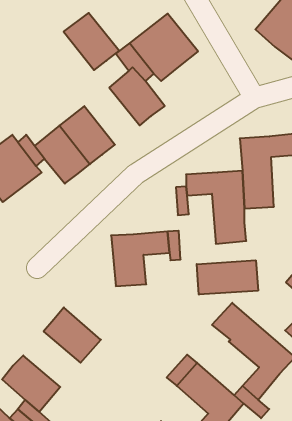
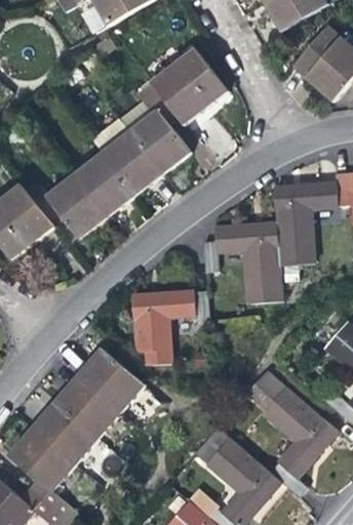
building: [64,13,119,70] -> [103,130,164,194]
building: [197,260,258,295] -> none
building: none -> [80,349,144,410]
building: none -> [35,401,99,462]

